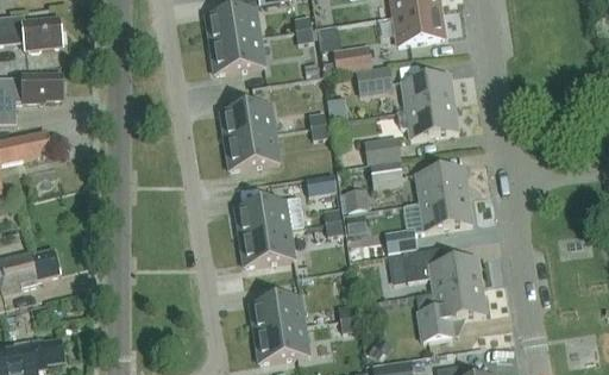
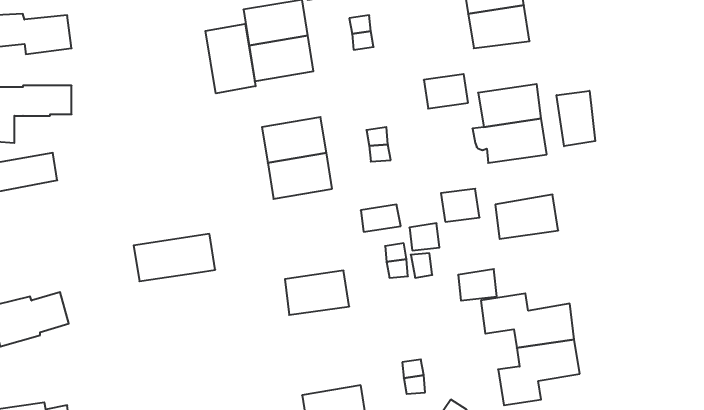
building: none -> [205,24,256,93]
building: [332,45,371,70] -> none
building: none -> [557,91,595,146]
building: [364,137,400,163] -> none
building: [419,195,472,231] -> none
building: [236,196,303,236] -> [134,234,215,281]
building: [250,295,303,332] -> none

